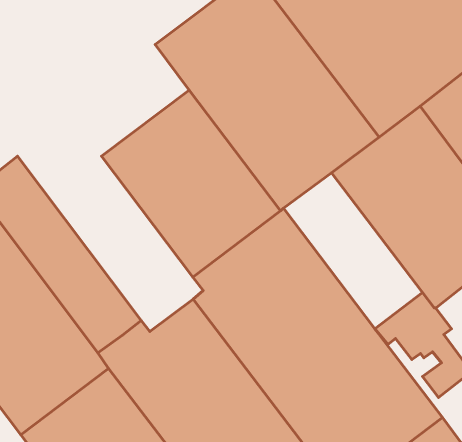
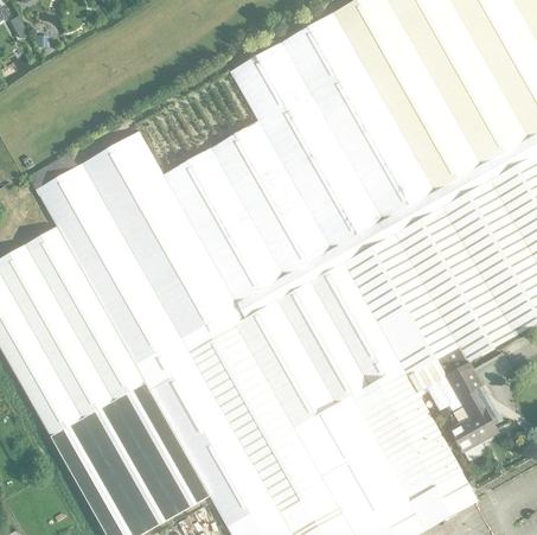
building: none -> [82,132,245,351]
building: none -> [334,219,459,377]

